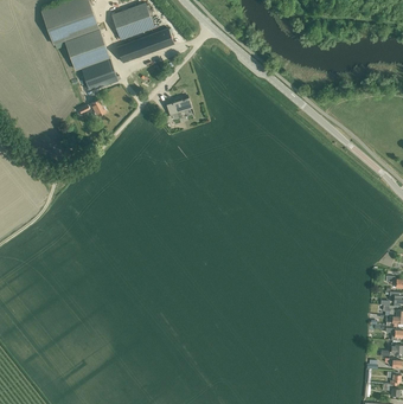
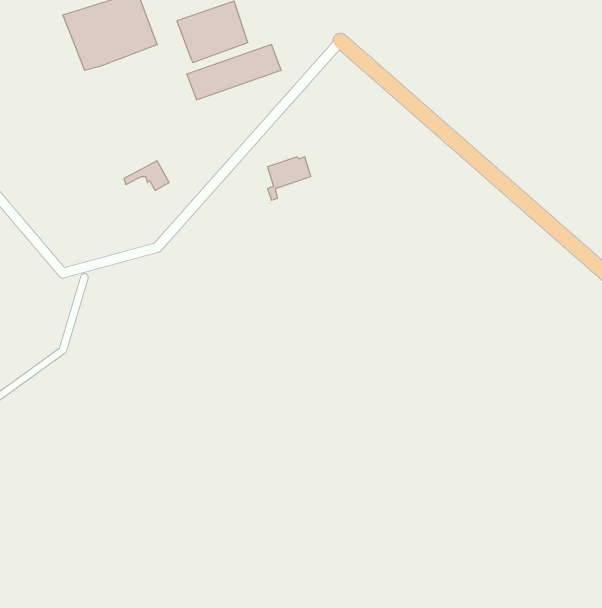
building: [65,28,119,90] -> none

